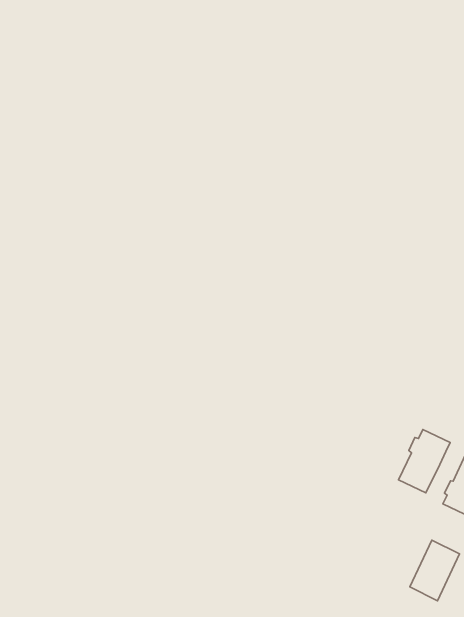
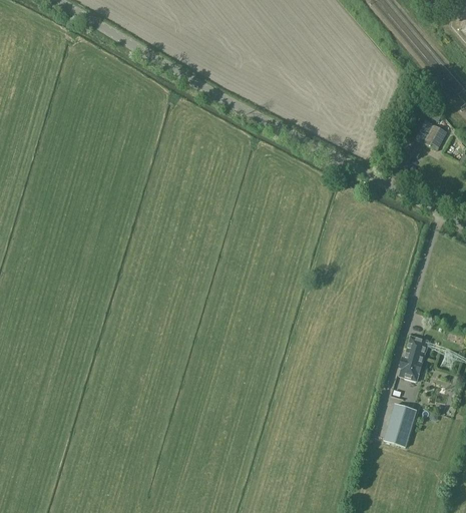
building: [398,430,450,493] -> none

